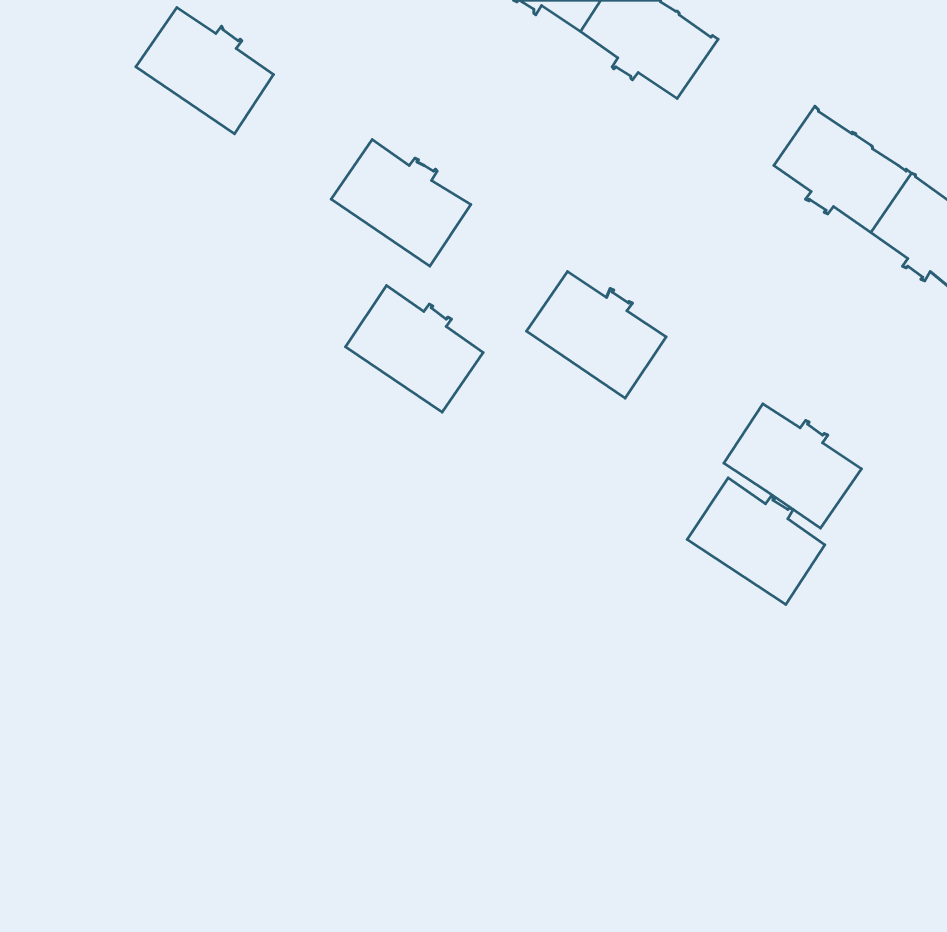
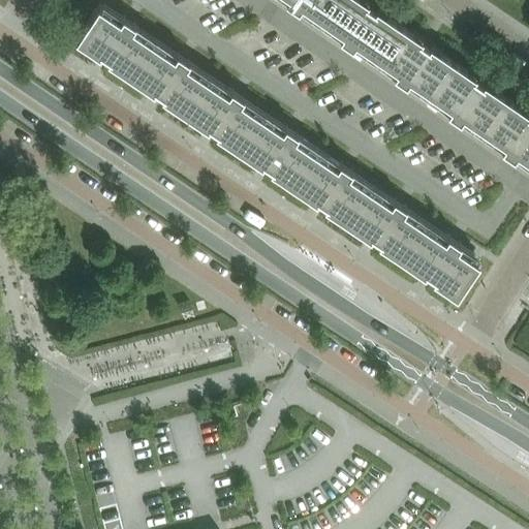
building: none -> [378,32,455,102]
building: none -> [132,52,209,121]
building: [346,286,483,412] -> [241,124,317,194]
building: [687,478,825,604] -> [349,197,426,268]

